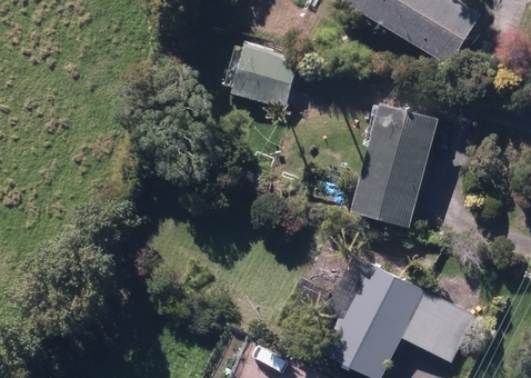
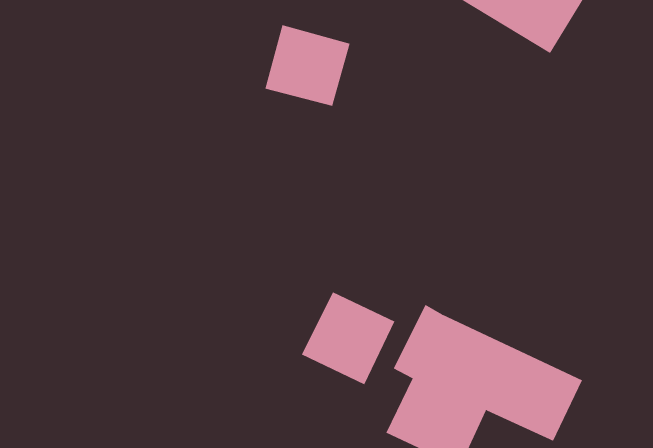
building: [351,105,437,228] -> none
building: none -> [301,292,395,385]

